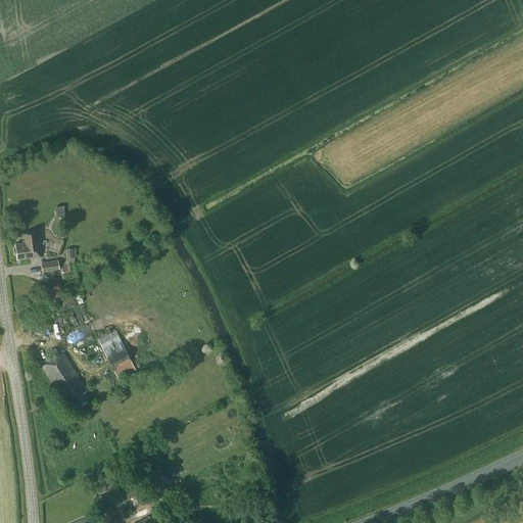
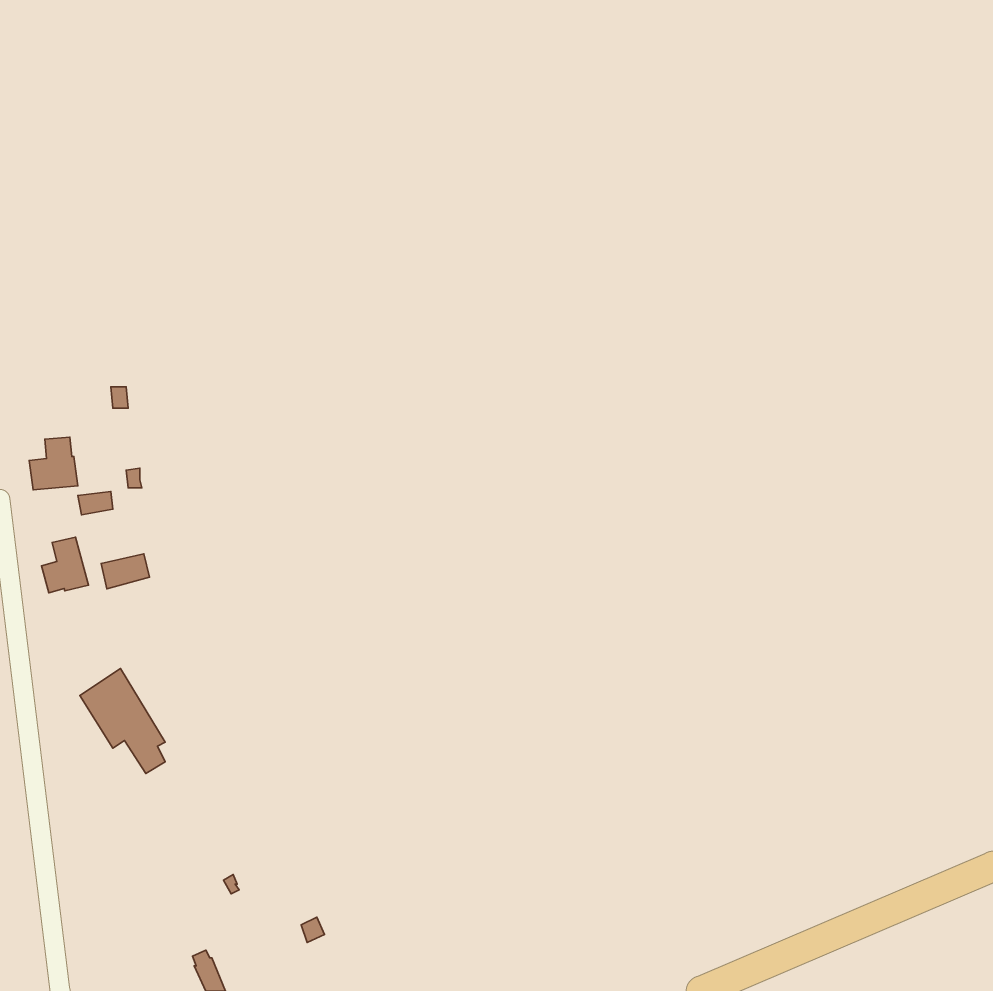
building: none -> [41,537,88,593]
building: [98,329,137,380] -> none

